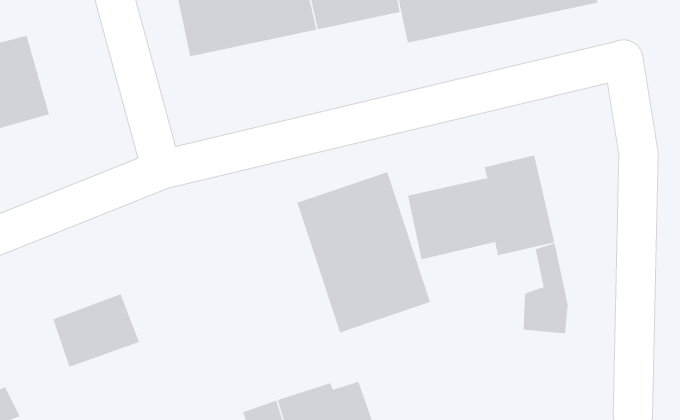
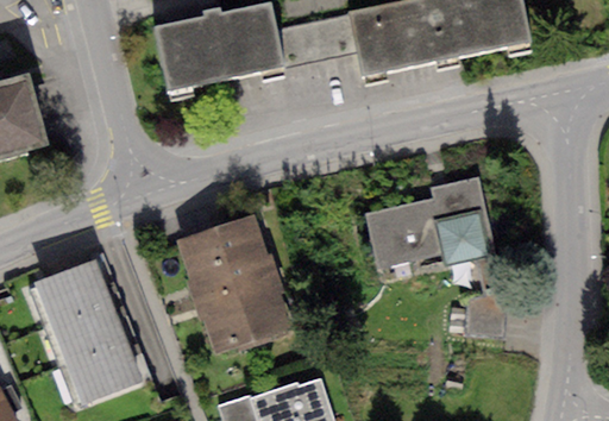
building: [297,171,431,333] -> [174,212,293,354]
building: none -> [32,258,109,322]
building: none -> [63,343,139,403]

